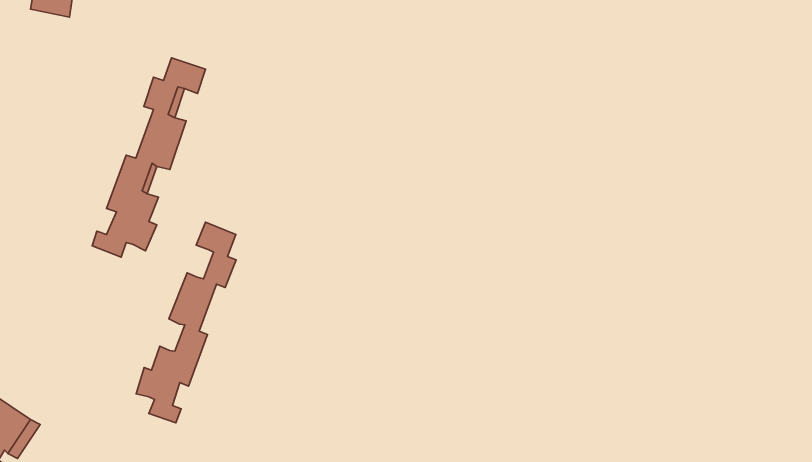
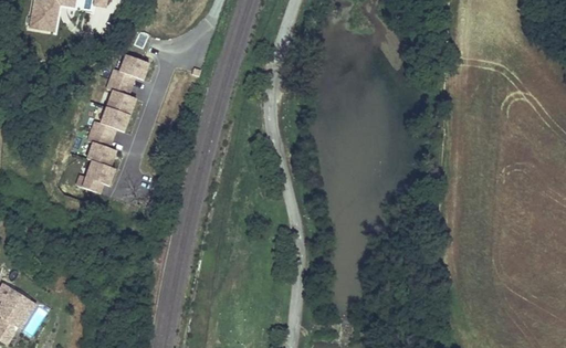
building: [136,222,236,423] -> none

